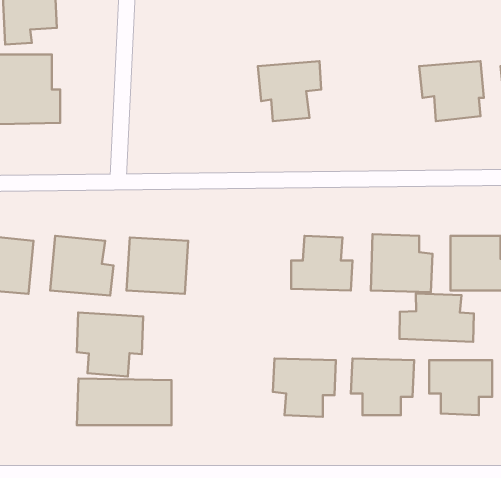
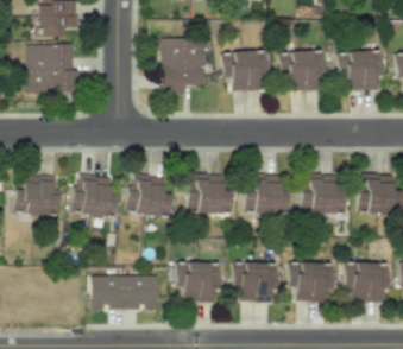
building: none -> [160,37,204,90]
building: none -> [278,49,323,90]
building: none -> [188,173,232,214]
building: [399,294,474,342] -> none
building: [77,313,143,377] -> none
building: none -> [176,261,220,302]

